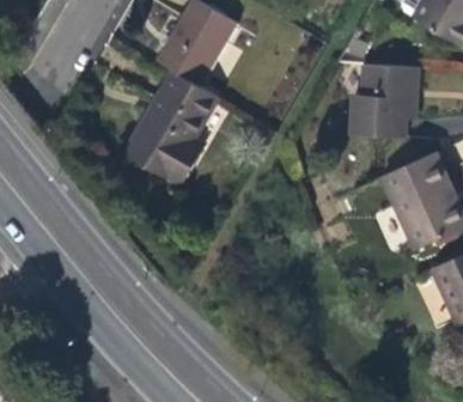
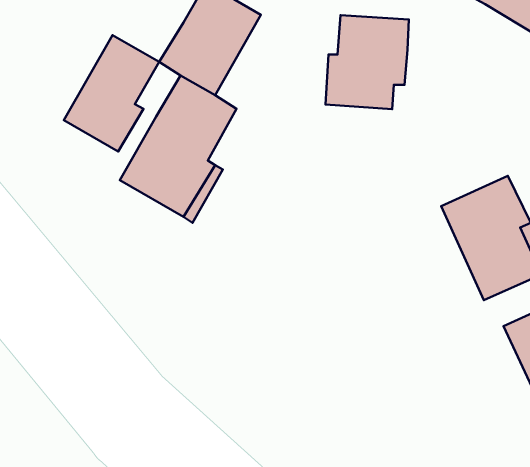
building: none -> [64,35,159,151]
building: [352,62,418,136] -> [325,15,409,109]

